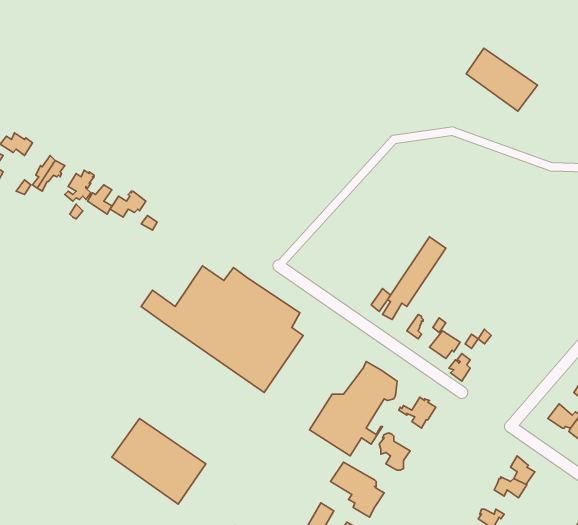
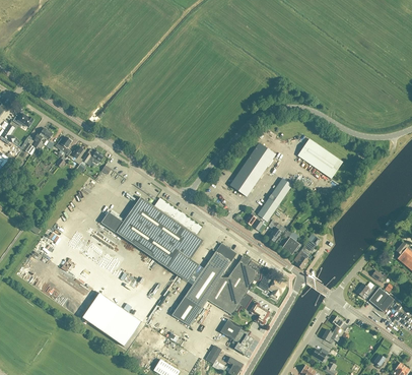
building: [466,48,537,111] -> [297,138,342,178]
building: none -> [229,142,275,196]
building: none -> [171,243,235,326]

